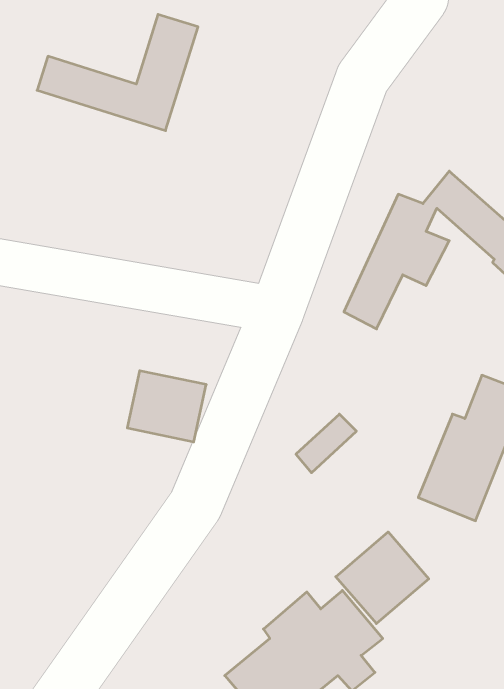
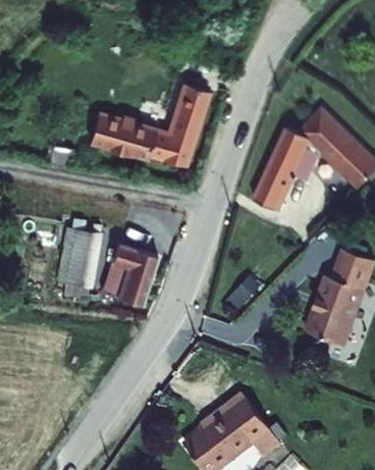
building: [37,14,198,131] -> [103,88,209,164]
building: none -> [55,224,100,297]
building: [336,532,429,624] -> none

